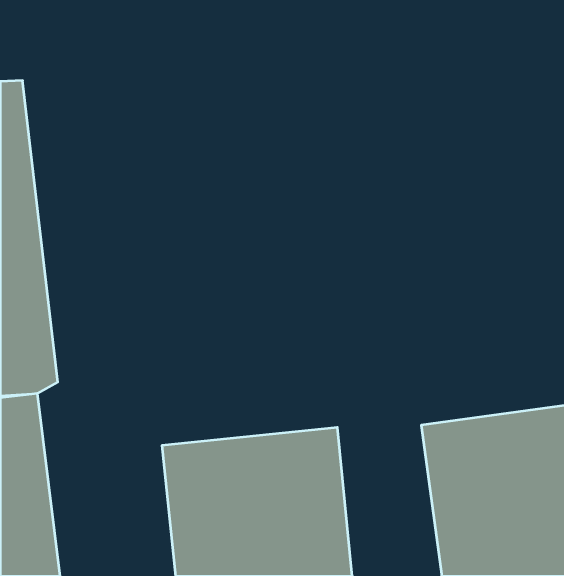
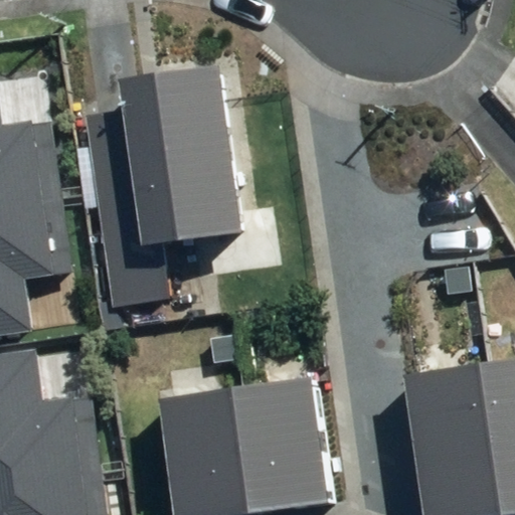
building: none -> [110,66,247,251]

